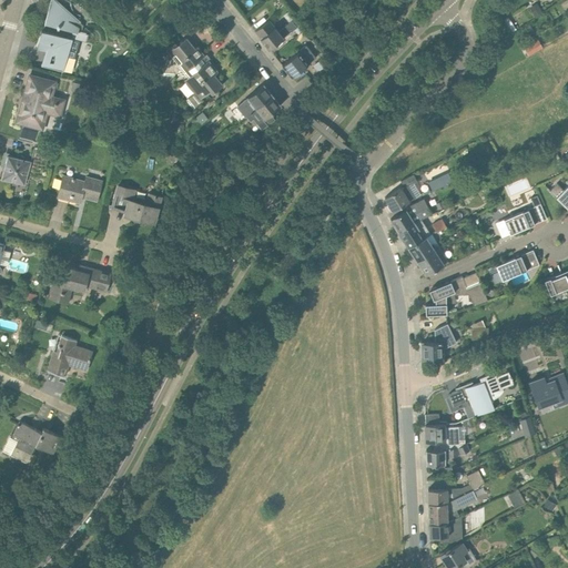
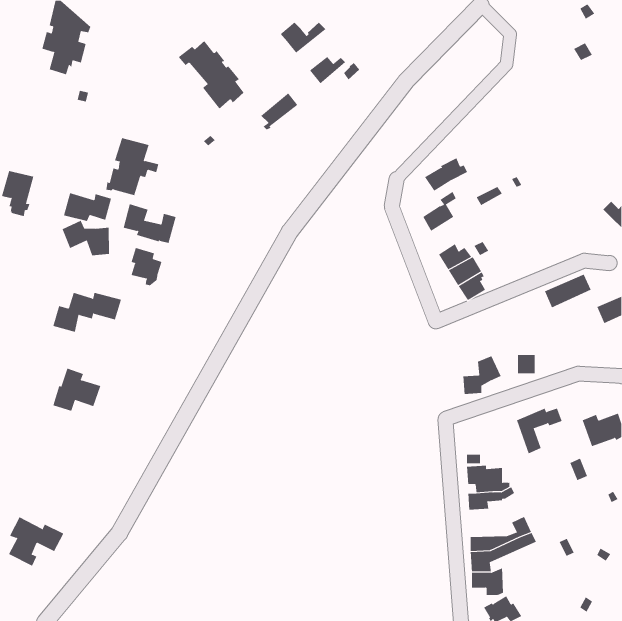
building: [16,77,64,130] -> [106,137,159,196]
building: [246,97,281,132] -> none
building: none -> [62,220,110,256]
building: [390,202,430,233] -> [424,158,468,192]
building: [496,205,547,239] -> none
building: none -> [131,247,162,286]
building: [425,277,488,315] -> none
building: [447,384,481,419] -> none
building: [10,422,61,467] -> [8,516,64,566]

